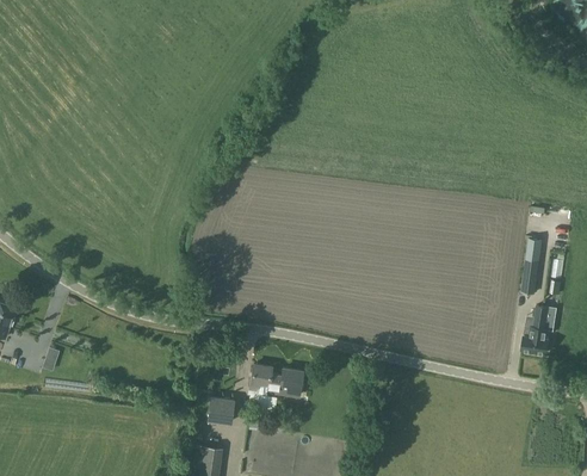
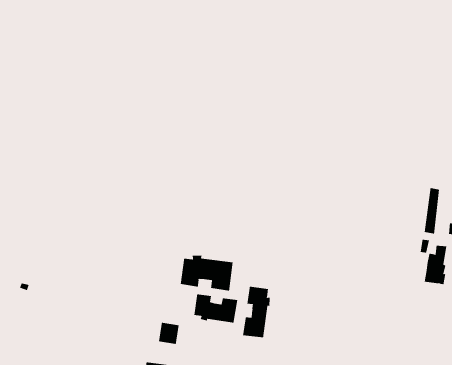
building: none -> [180,255,233,292]
building: none -> [242,286,270,338]

